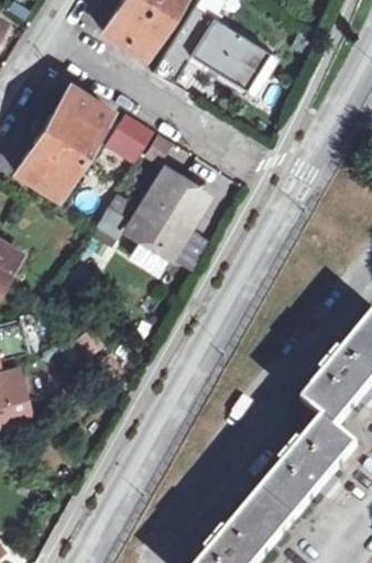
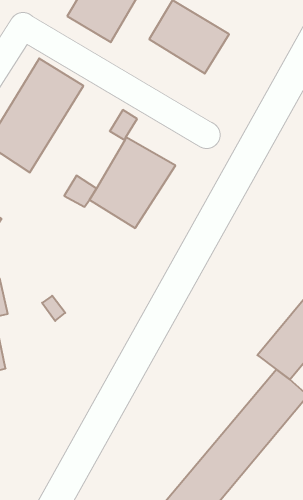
building: [106,113,156,165] -> none

